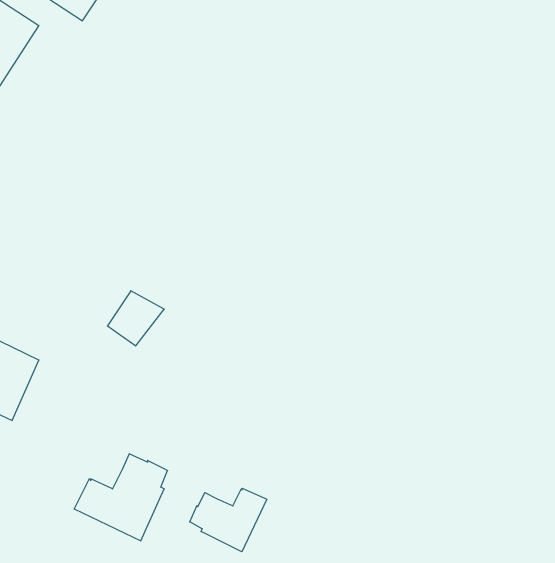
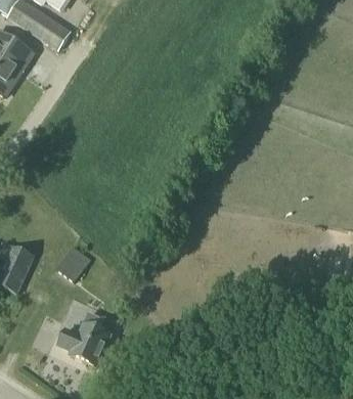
building: [107,291,164,346] -> [56,247,91,280]
building: [190,488,267,552] -> none

